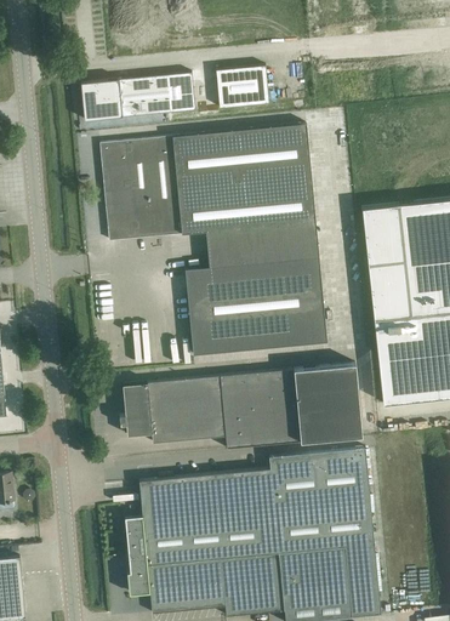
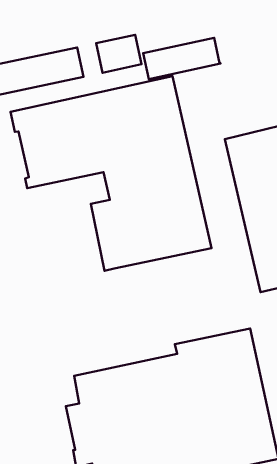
building: none -> [143,38,220,79]
building: [119,364,361,449] -> none

